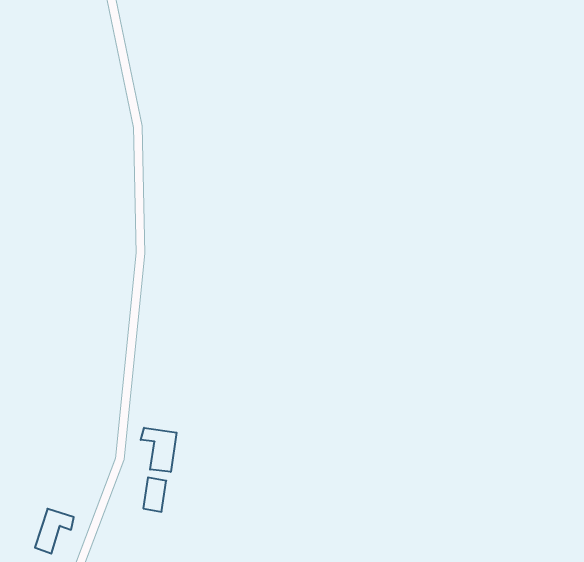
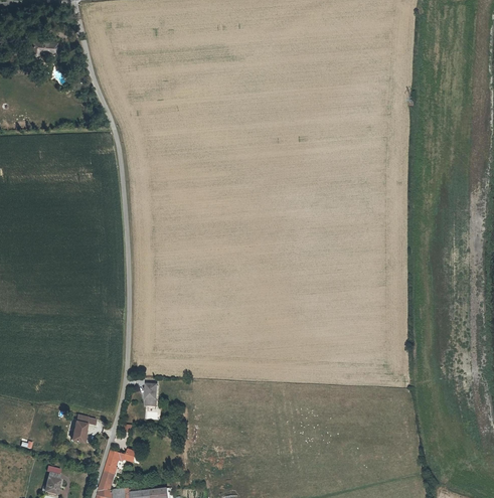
building: [141,428,177,472] -> none

